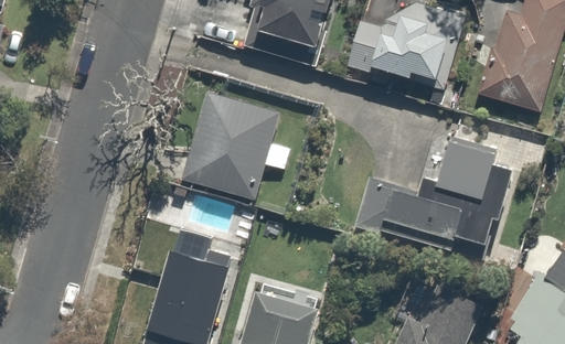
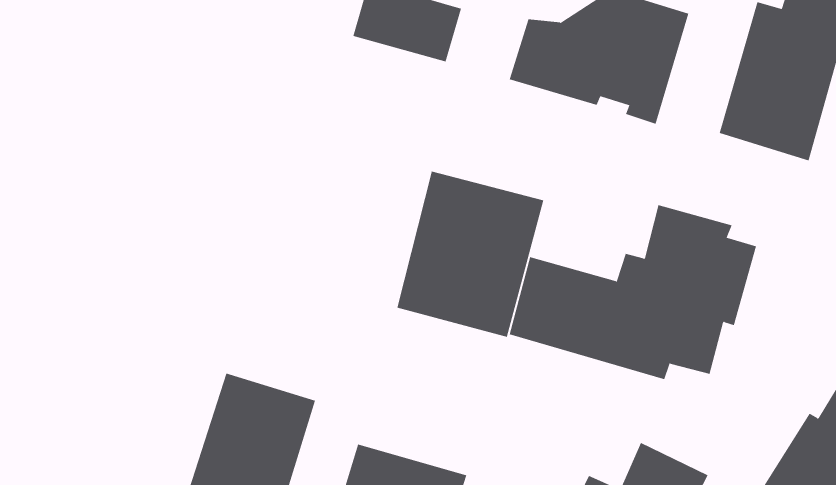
building: [184,93,278,198] -> [397,171,544,337]

